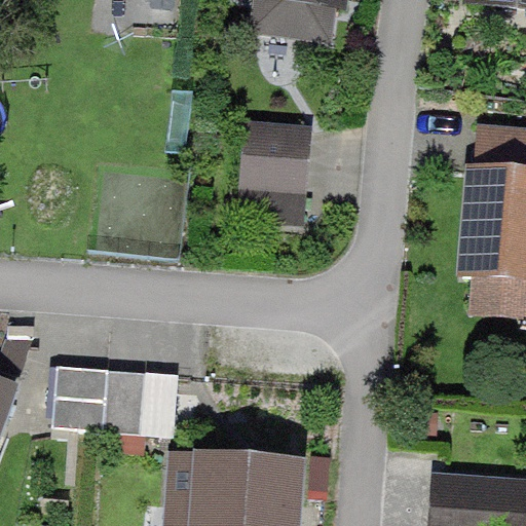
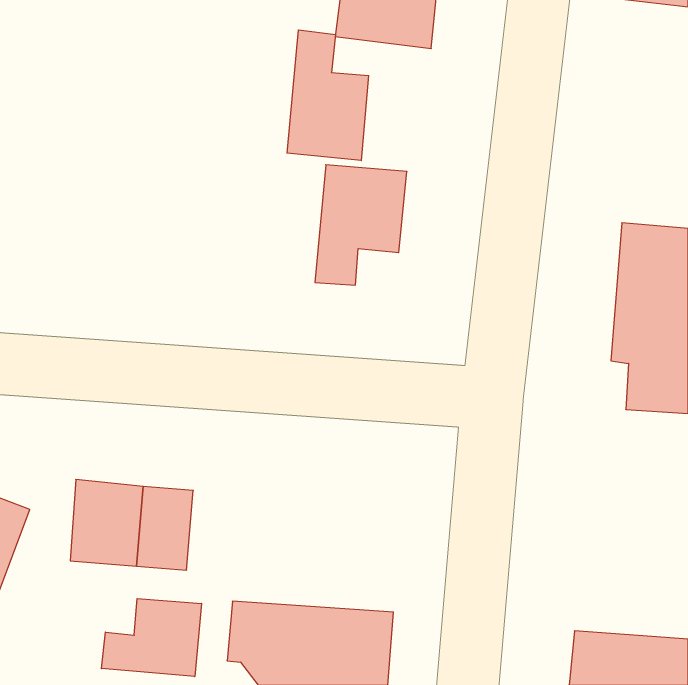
building: none -> [287,30,369,161]
building: none -> [101,599,202,677]

